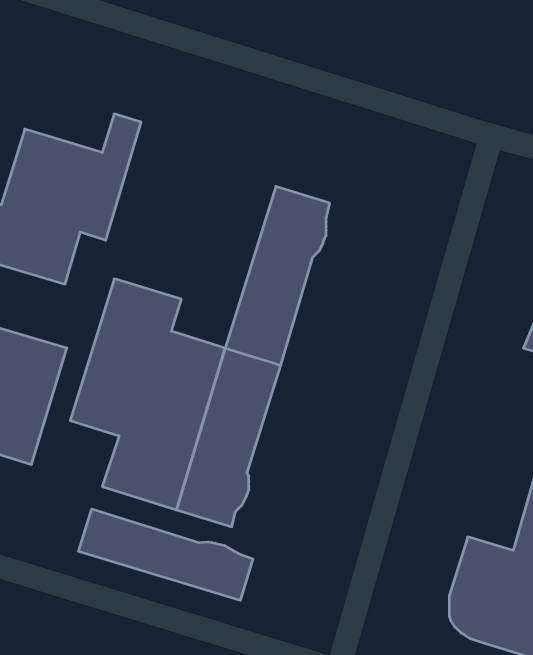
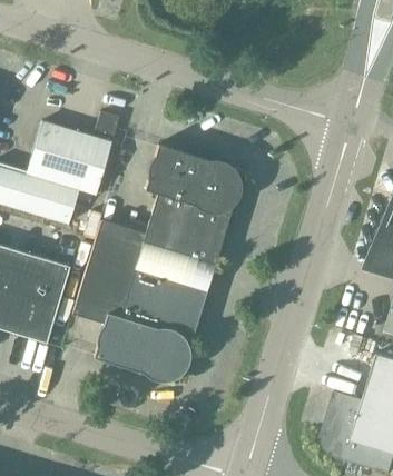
building: none -> [138,145,207,266]
building: [78,509,253,600] -> none

